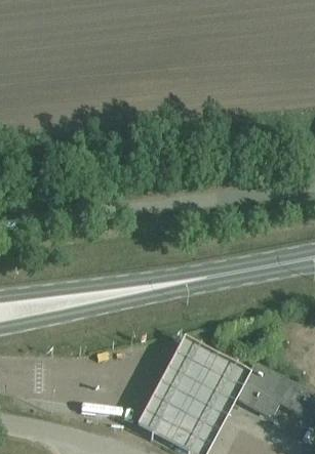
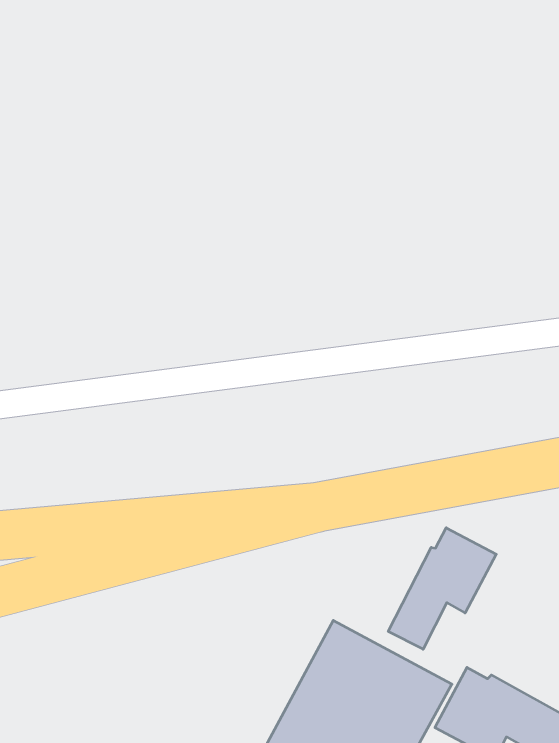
building: none -> [388,528,496,649]

